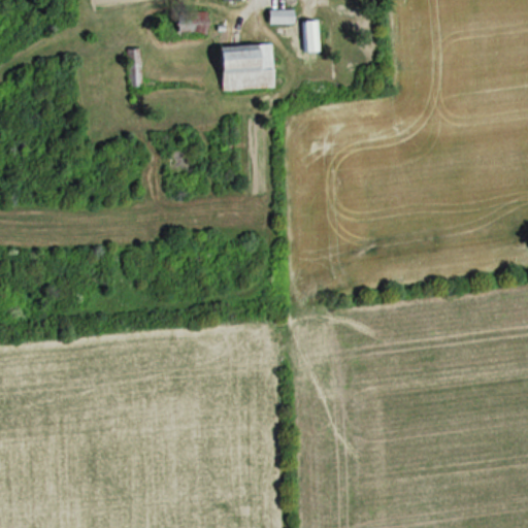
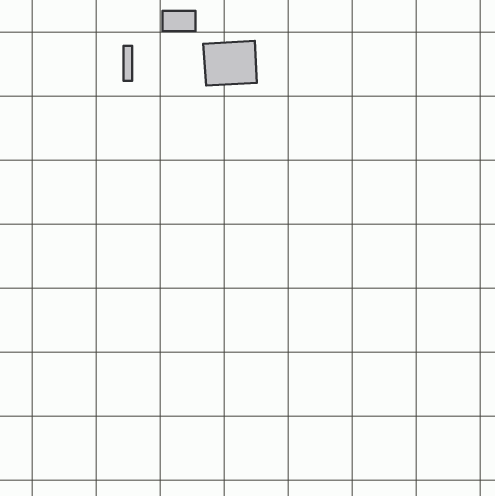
building: [268,8,294,23] -> none
building: [303,20,319,51] -> none

